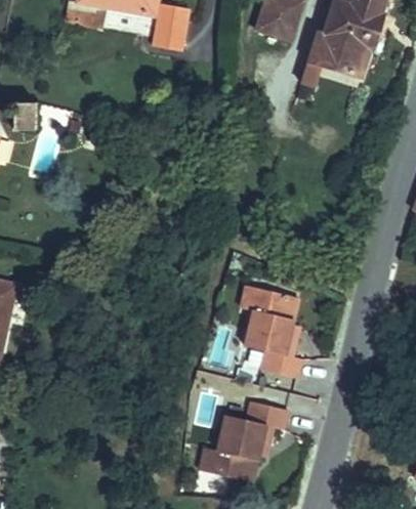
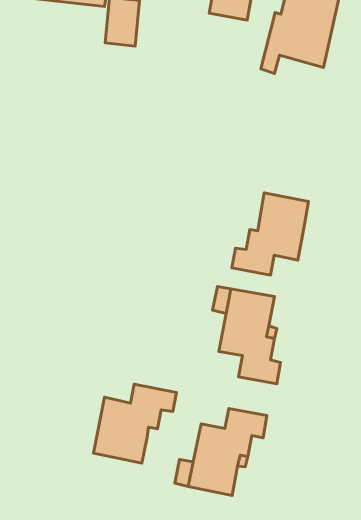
building: none -> [232,193,308,275]
building: none -> [94,384,177,463]

